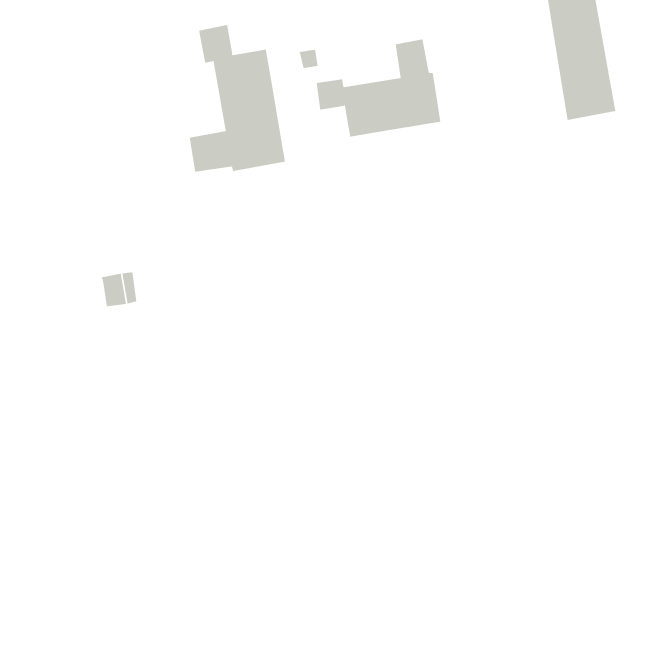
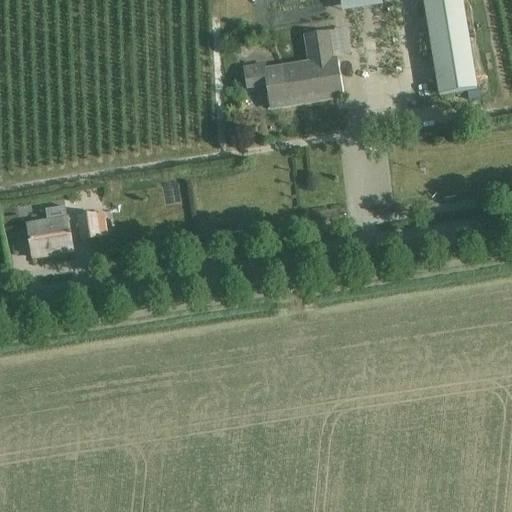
building: [189,24,286,172] -> none
building: none -> [26,203,72,255]

